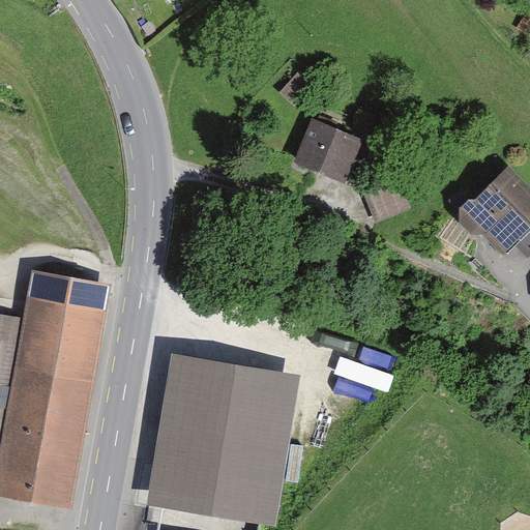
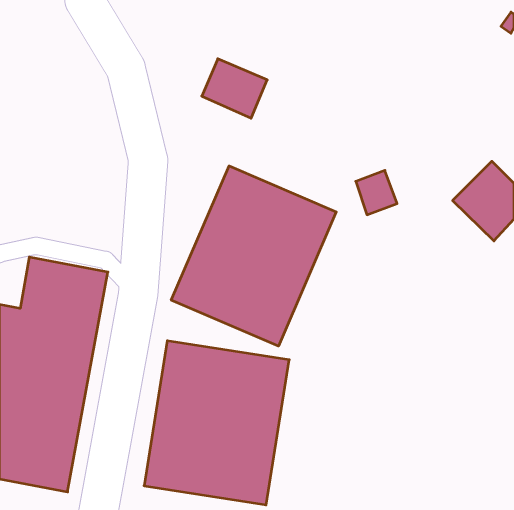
building: [296,122,363,183] -> [202,59,267,118]
building: none -> [171,166,336,346]

